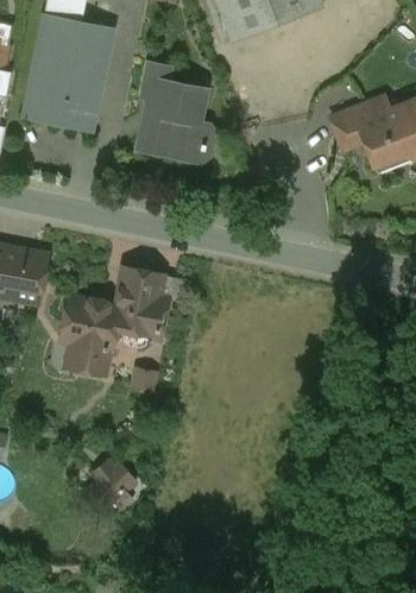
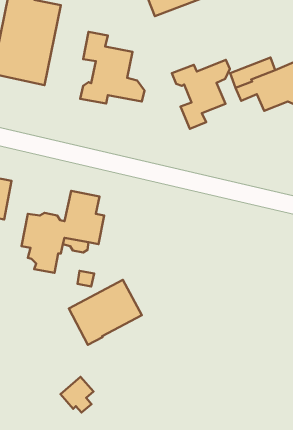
building: none -> [172,60,230,129]
building: none -> [69,280,142,345]
building: [92,462,134,509] -> [60,377,93,413]

